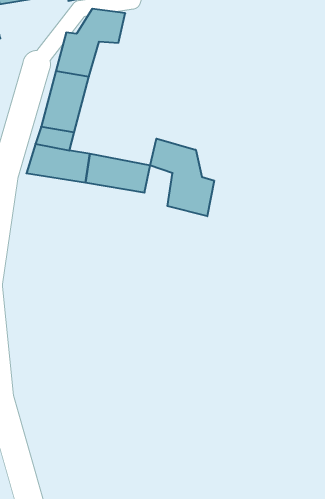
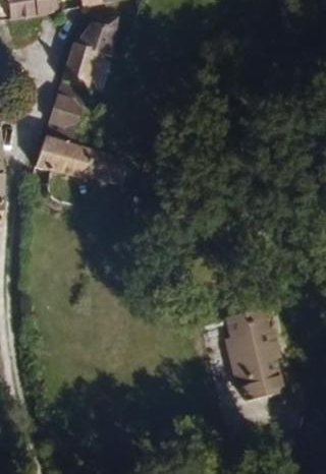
building: [150,139,214,216] -> none
building: none -> [229,309,286,395]

